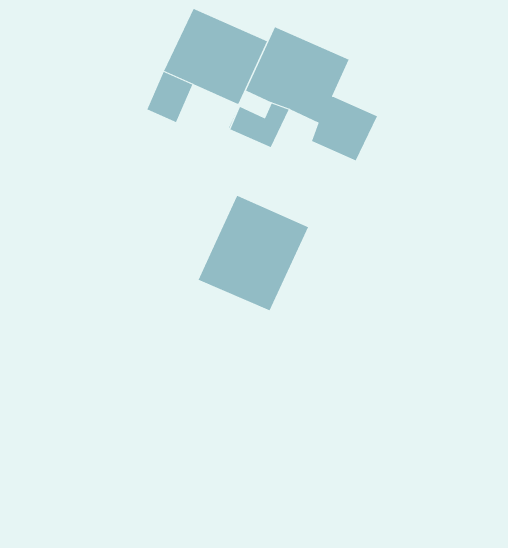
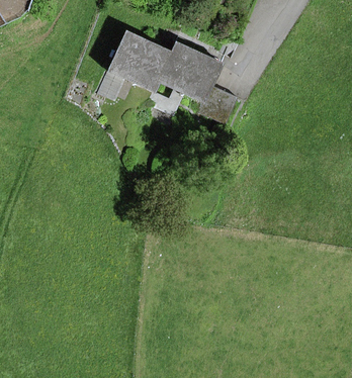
building: [198,183,309,311] -> none

